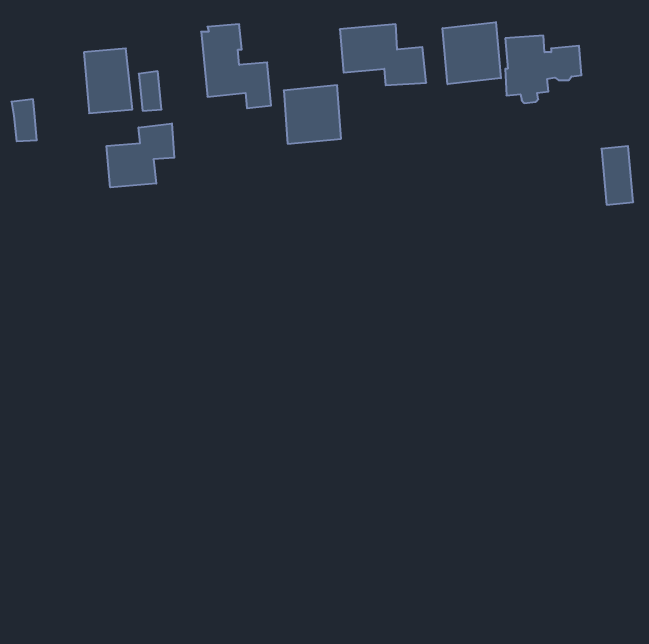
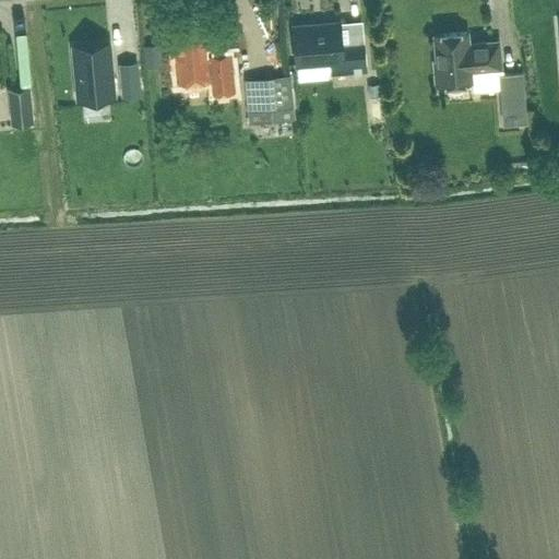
building: [443,22,501,84] -> none
building: [107,123,174,187] -> none
building: [601,146,633,205] -> [499,76,526,127]

